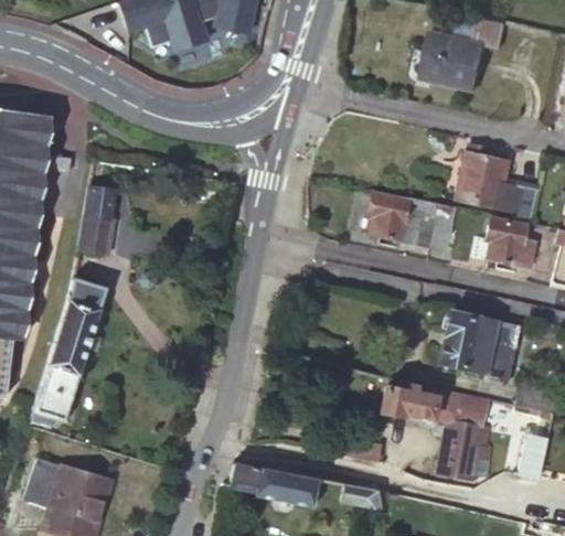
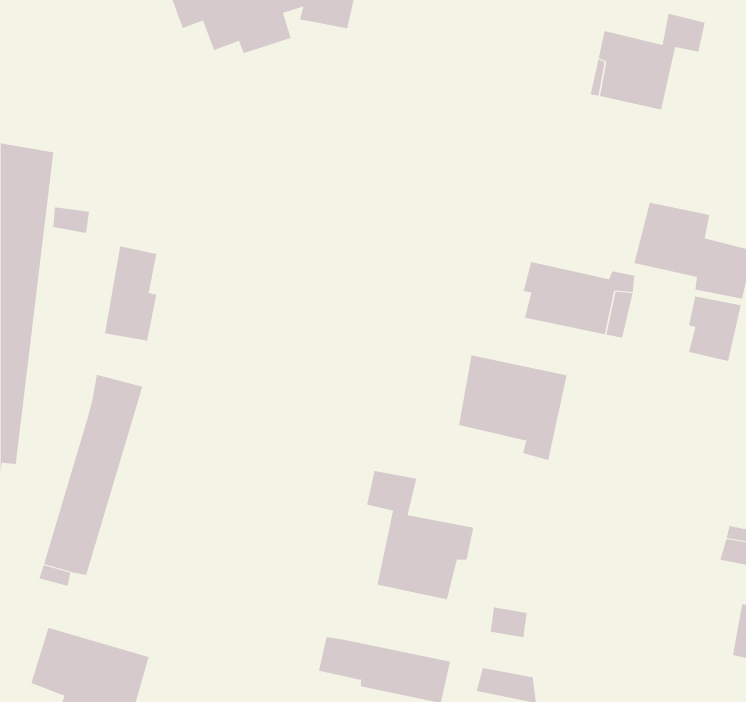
building: [441,314,519,389] -> [458,355,568,461]
building: none -> [366,470,474,600]
building: [381,384,488,481] -> none

